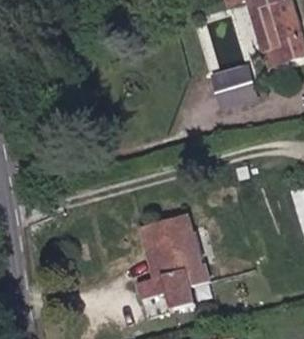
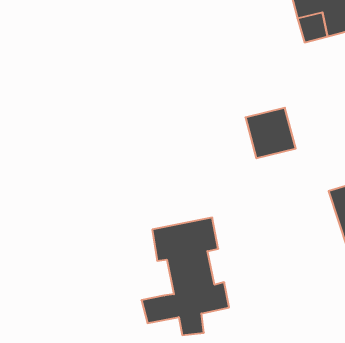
building: [212,67,254,109] -> [245,108,296,158]

